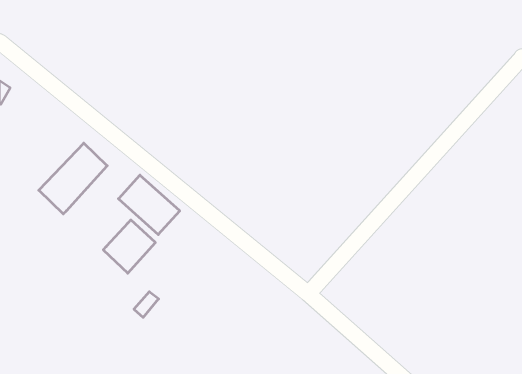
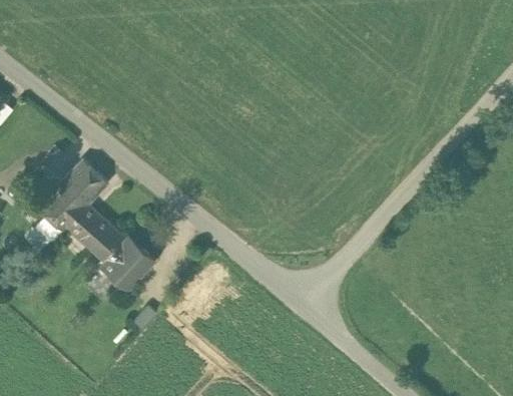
building: [118,175,180,235] -> [66,206,126,264]

